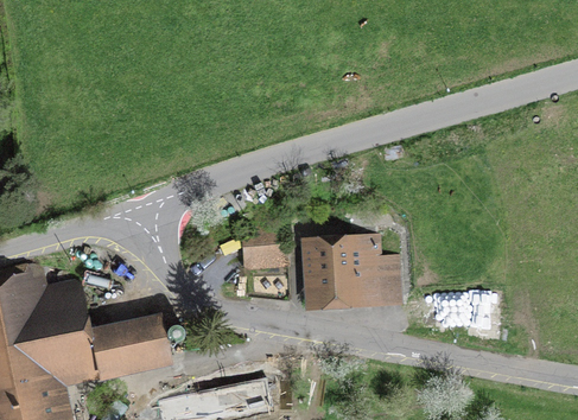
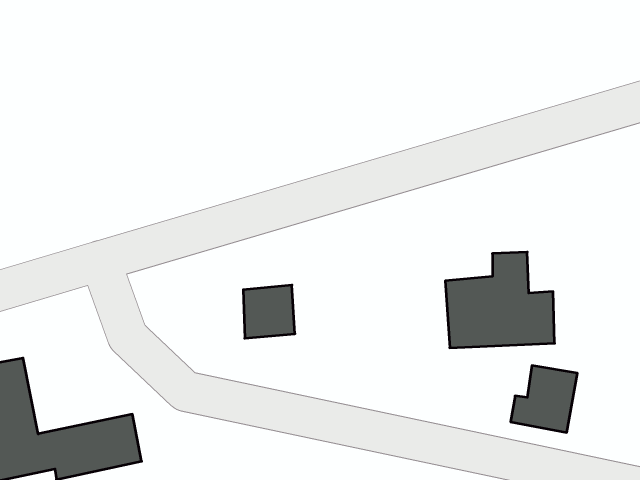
building: [311,230,396,305] -> [445,252,555,348]

